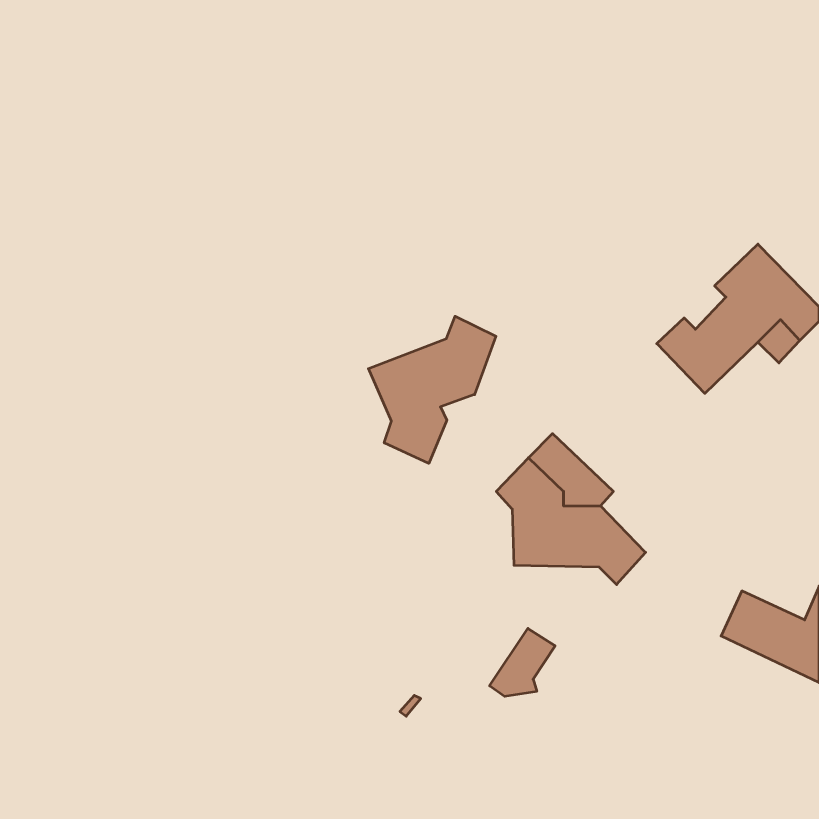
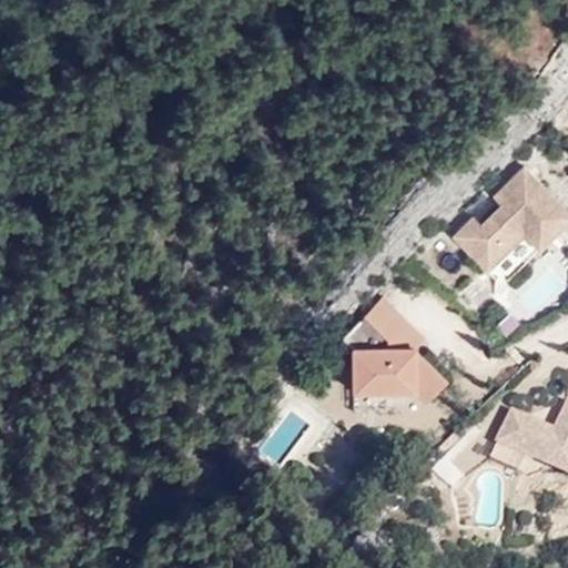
building: [368,316,496,463] -> none
building: [490,628,555,696] -> none

